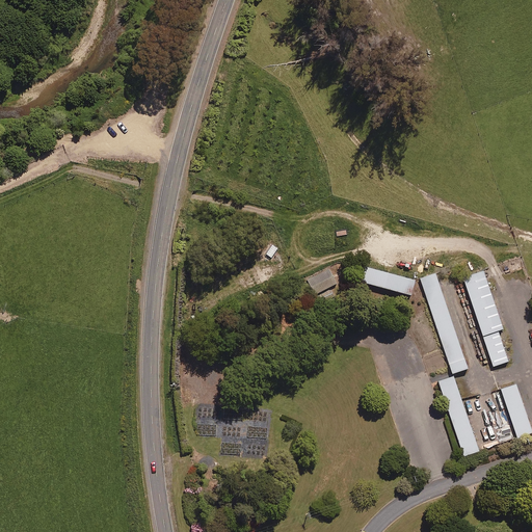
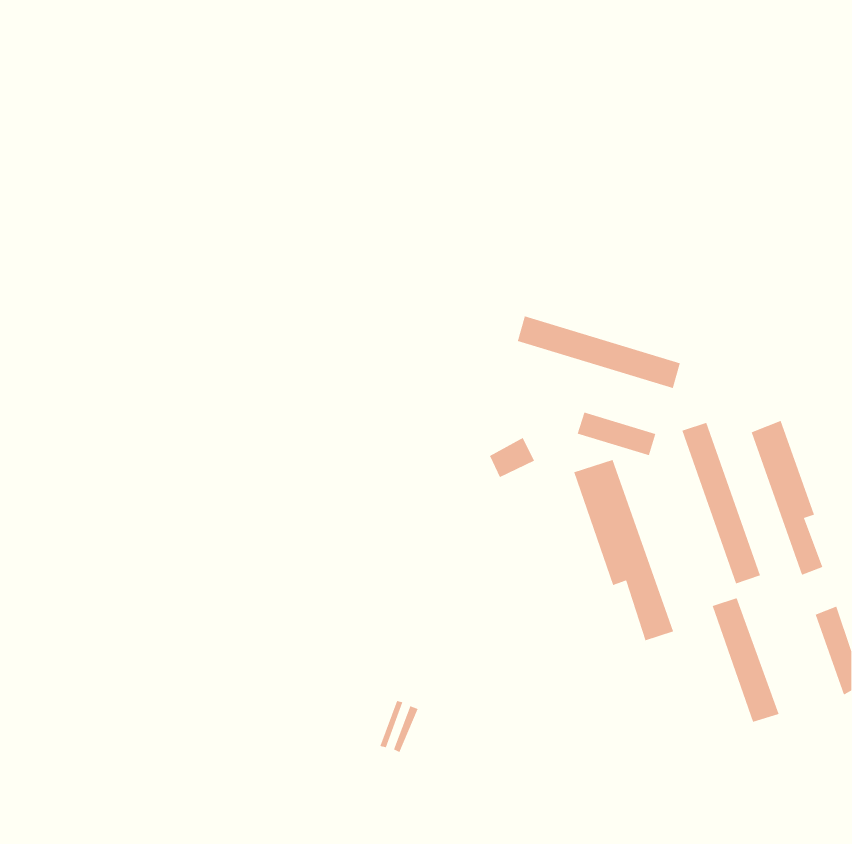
building: none -> [517,316,680,389]
building: none -> [573,459,674,641]

